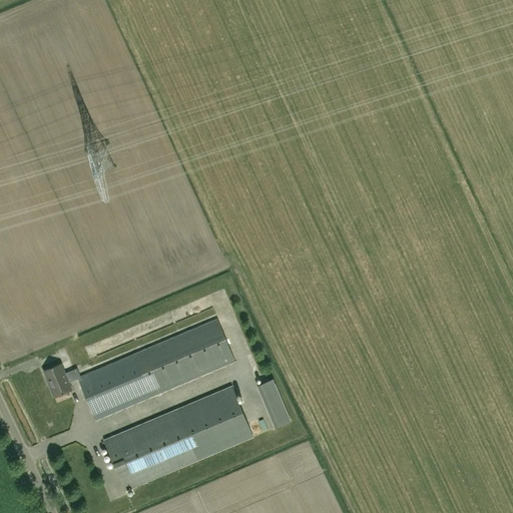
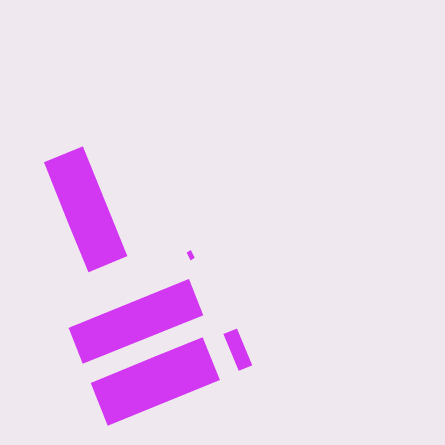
building: none -> [43,145,128,273]
building: [43,362,80,395] -> none

